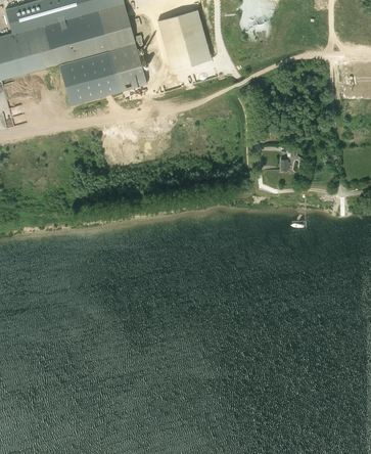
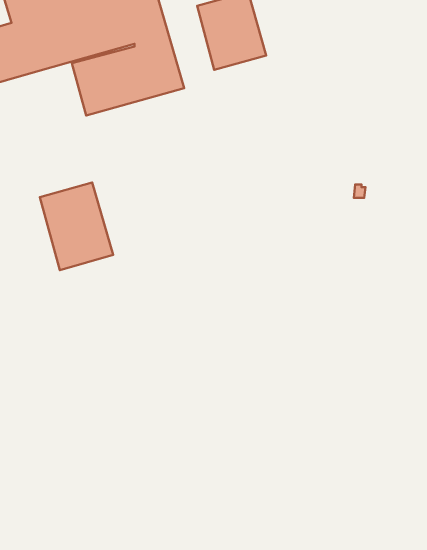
building: none -> [40,183,113,270]

